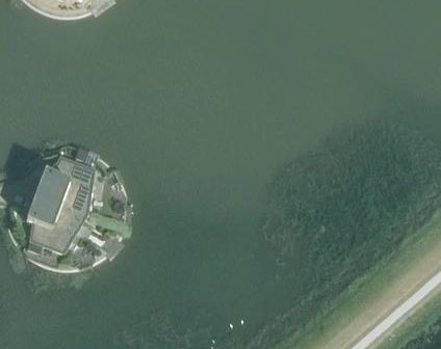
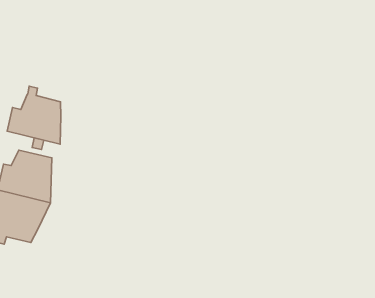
building: none -> [7,86,61,144]

